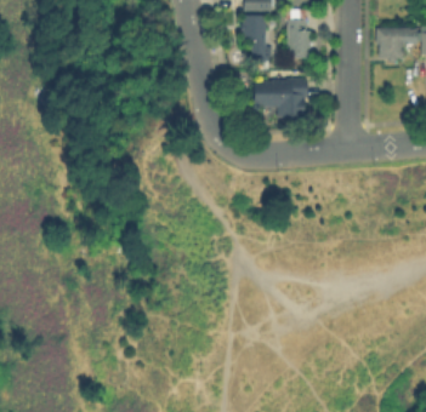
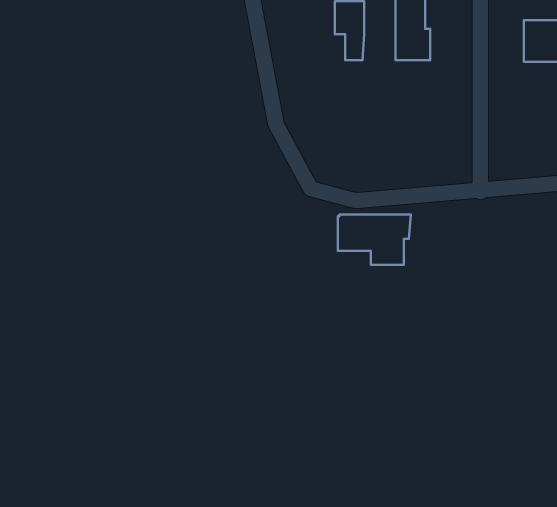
building: [256,81,307,116] -> [338,214,411,265]

